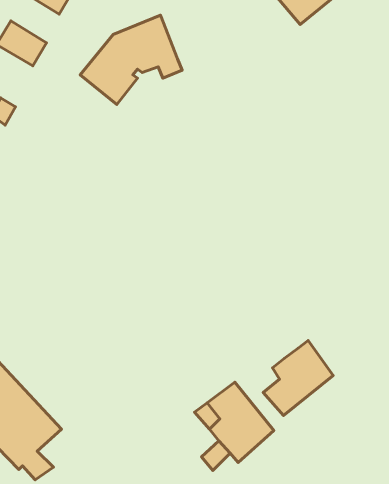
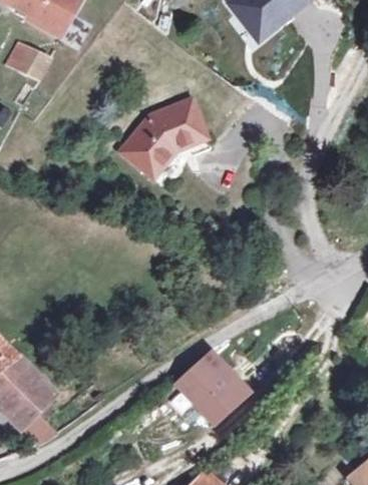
building: [80,15,182,105] -> [119,99,209,177]
building: [263,340,333,416] -> none

